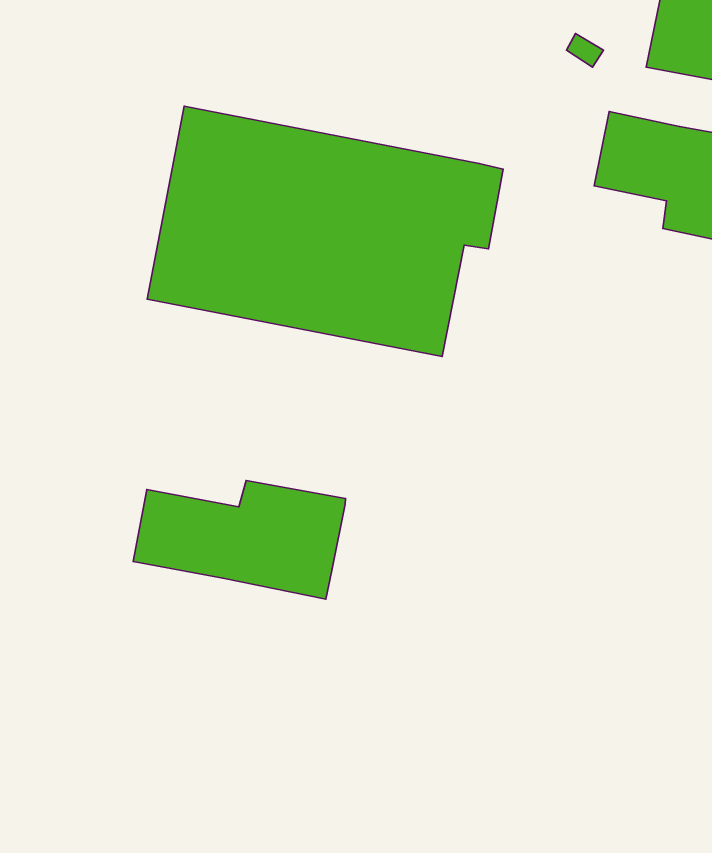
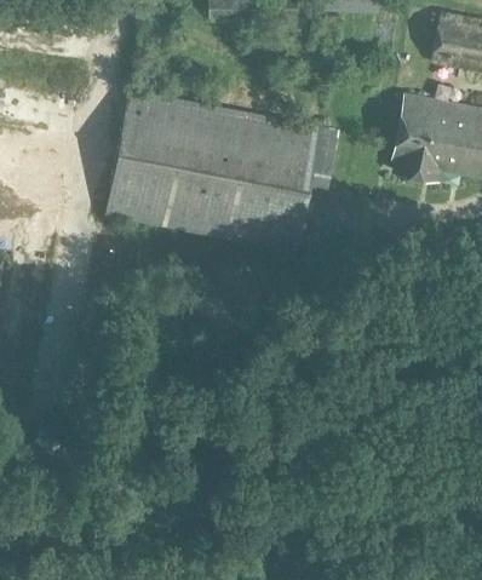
building: none -> [394,140,444,178]
building: [133,481,345,599] -> none

